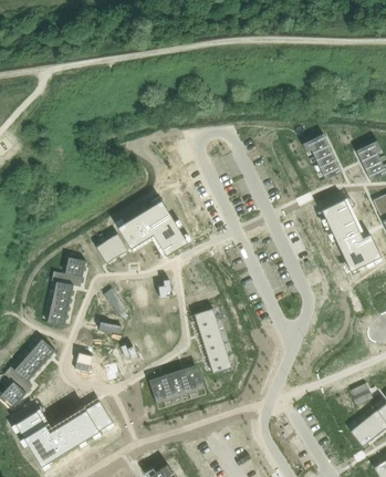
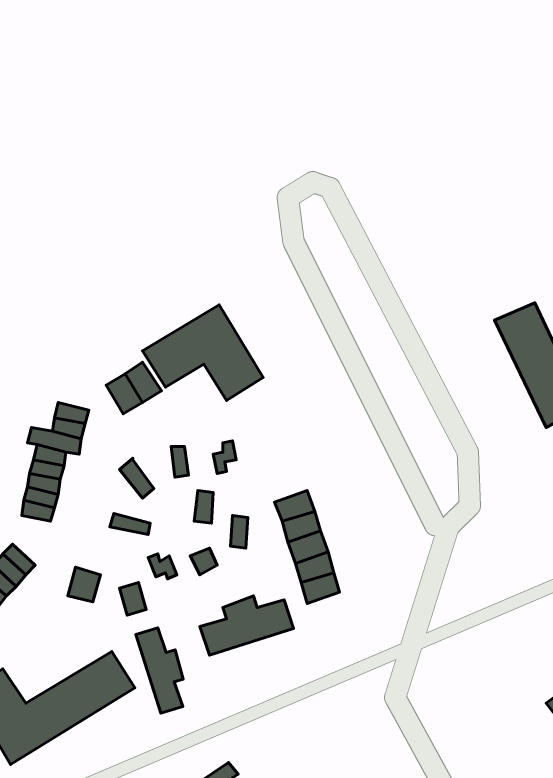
building: [302,134,341,179] -> none
building: none -> [136,628,183,713]

